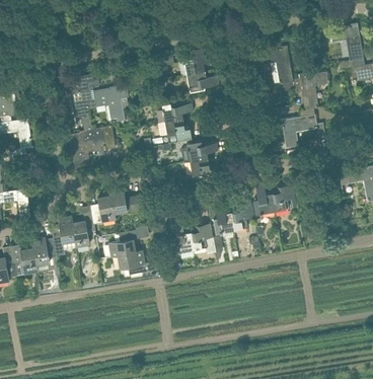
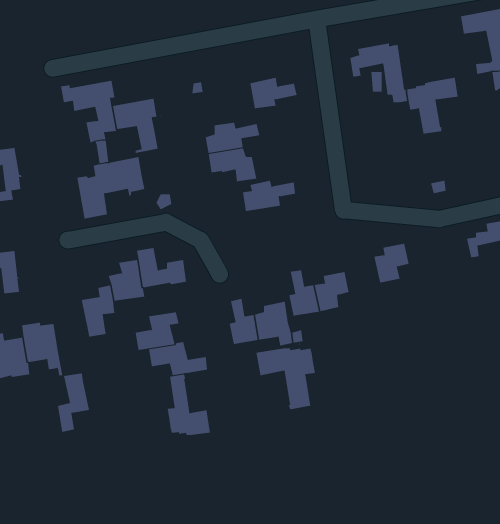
building: [179,49,209,75] -> none
building: [279,113,325,148] -> none
building: [190,158,217,181] -> none
building: [252,182,275,214] -> none
building: [54,216,76,256] -> [57,373,90,433]
building: none -> [256,342,315,411]
building: none -> [167,374,211,440]

